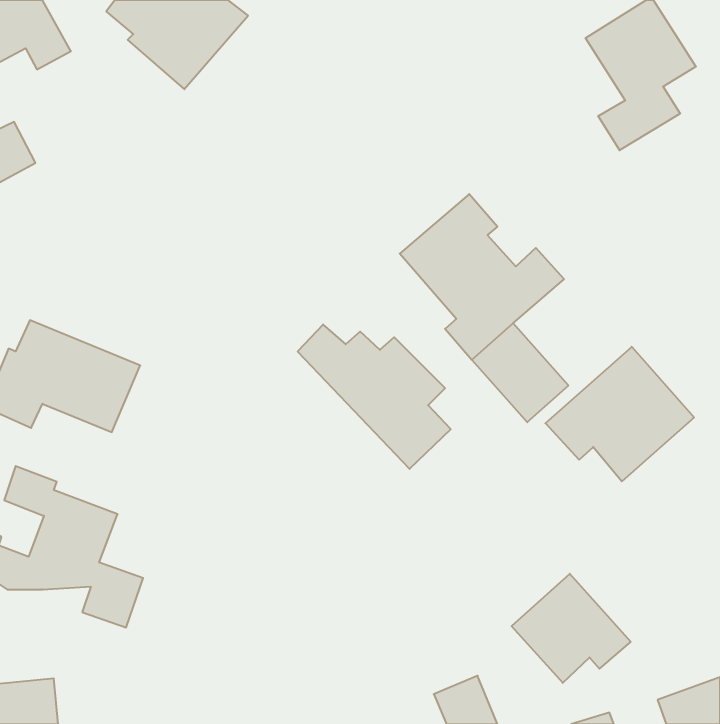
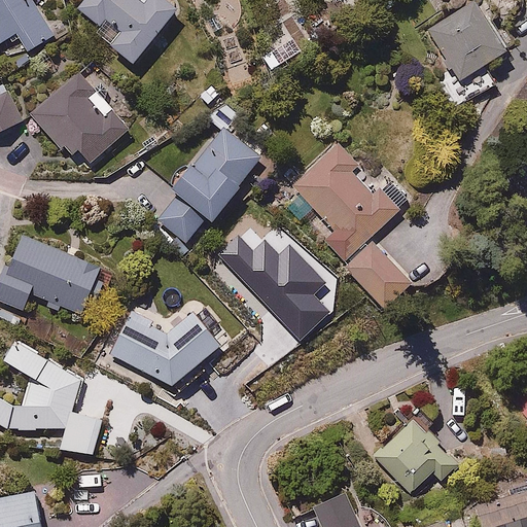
building: none -> [28,69,131,173]
building: none -> [156,125,262,244]
building: [545,347,694,481] -> none
building: none -> [111,310,224,387]

